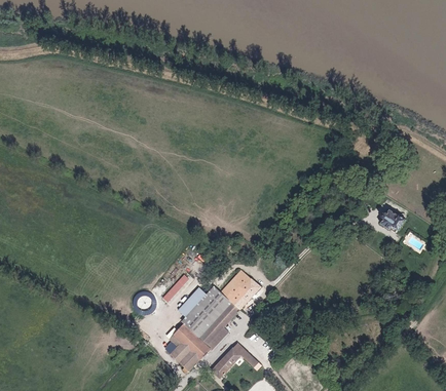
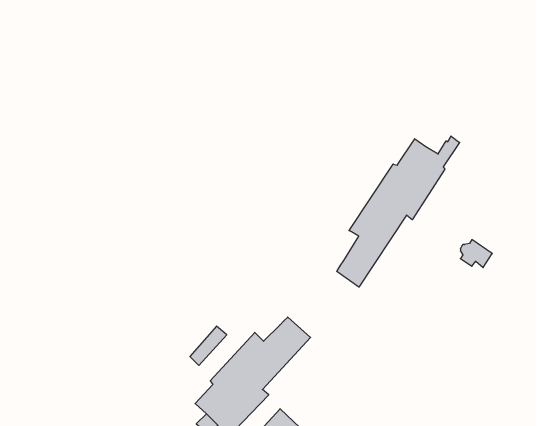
building: none -> [337,136,460,287]

